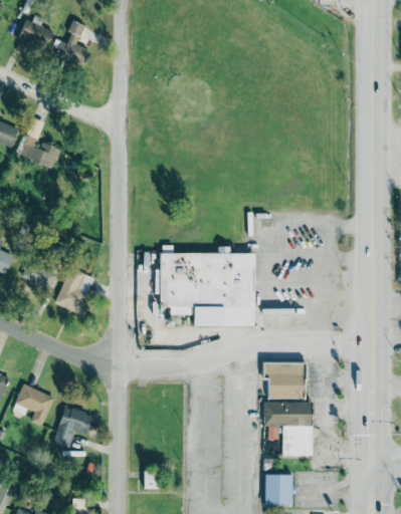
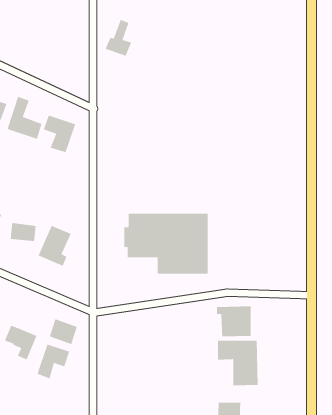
building: [19,21,53,49] -> none
building: [55,21,87,65] -> [105,19,132,57]
building: none -> [43,115,76,153]
building: none -> [49,318,78,345]

